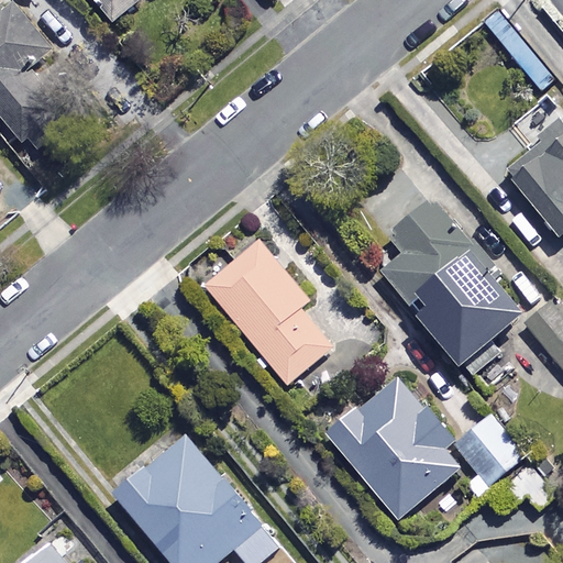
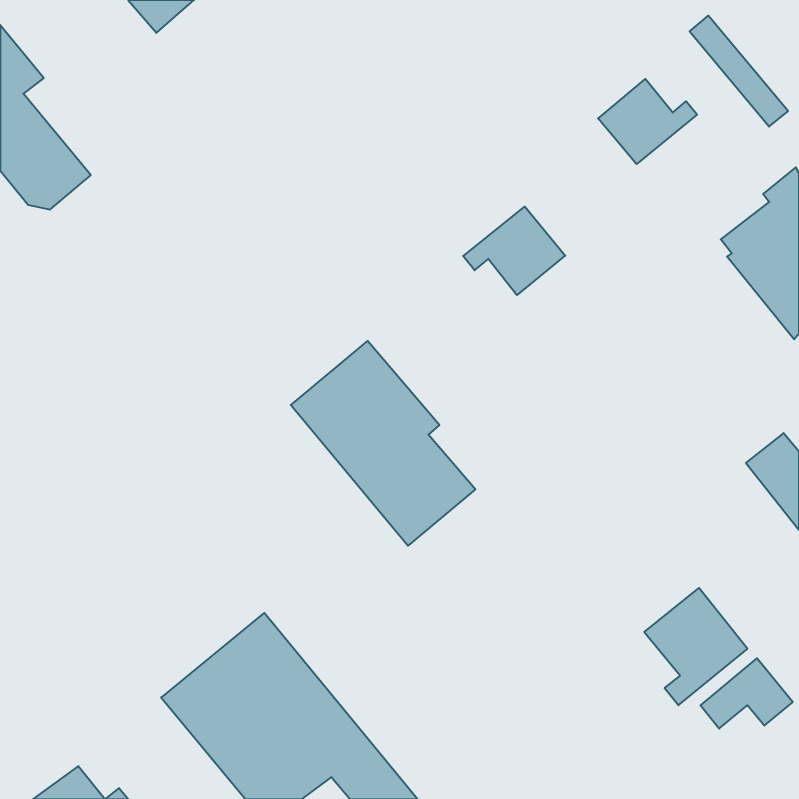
building: none -> [598,79,697,164]
building: none -> [463,207,565,295]
building: [379,195,525,376] -> none
building: [319,379,464,519] -> none

